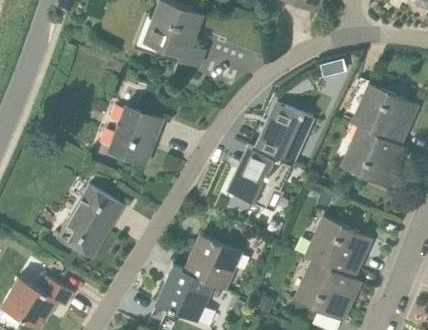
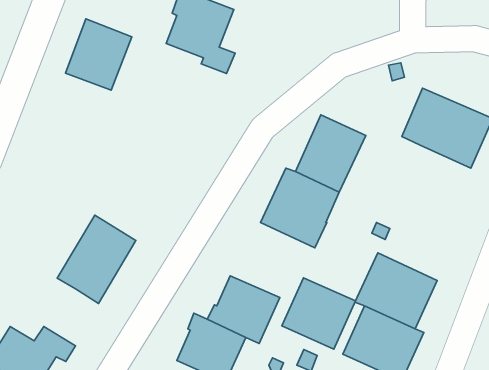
building: [108,106,163,165] -> [65,19,132,90]
building: [340,127,407,189] -> none
building: none -> [282,278,355,349]

